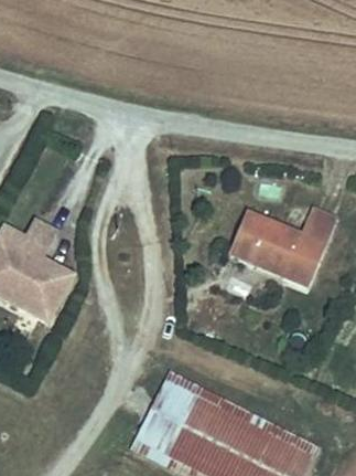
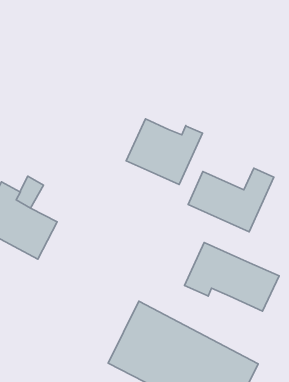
building: none -> [126,119,203,185]
building: none -> [184,242,279,311]

